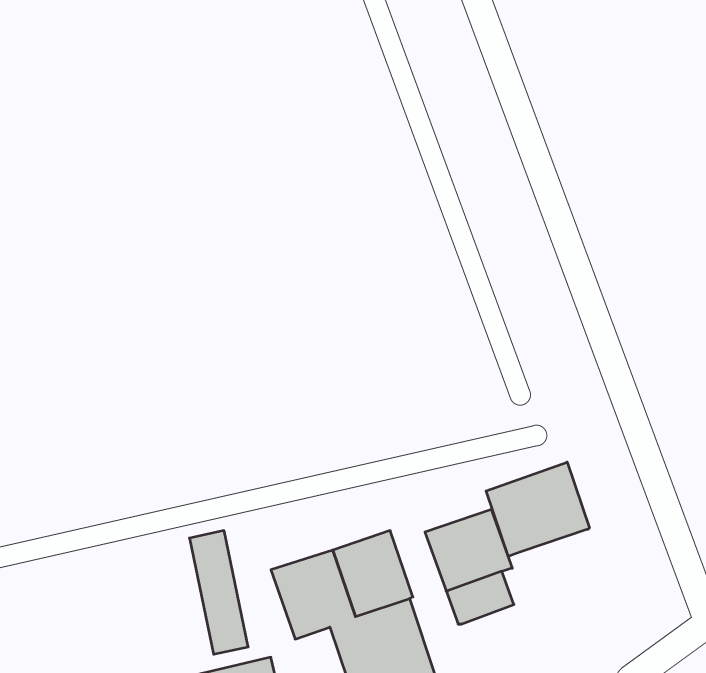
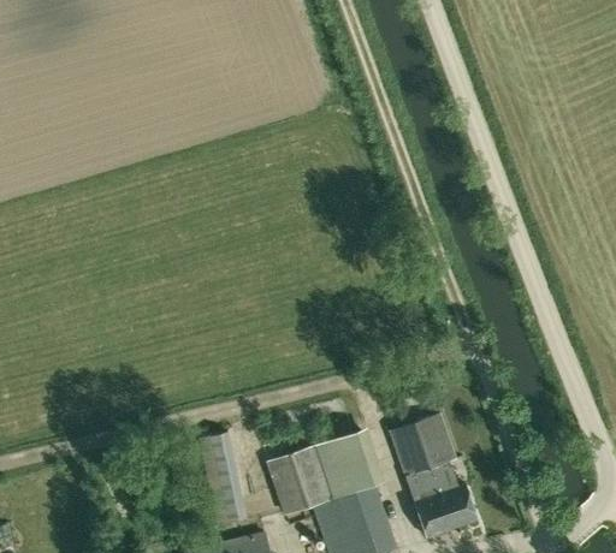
building: [486,462,589,557] -> none
building: none -> [416,487,475,536]

